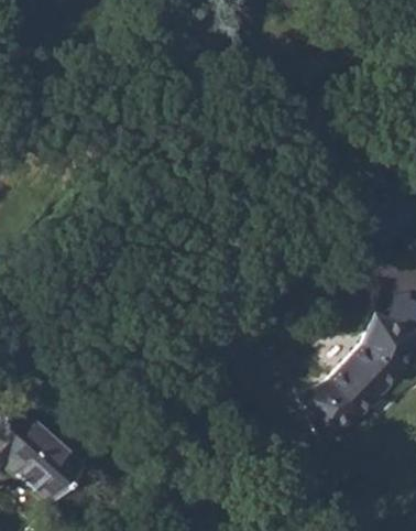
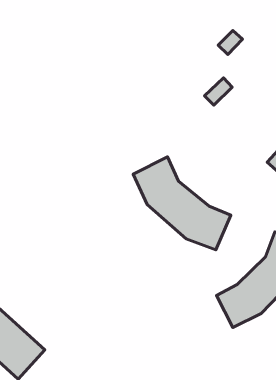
building: none -> [133,157,231,250]

